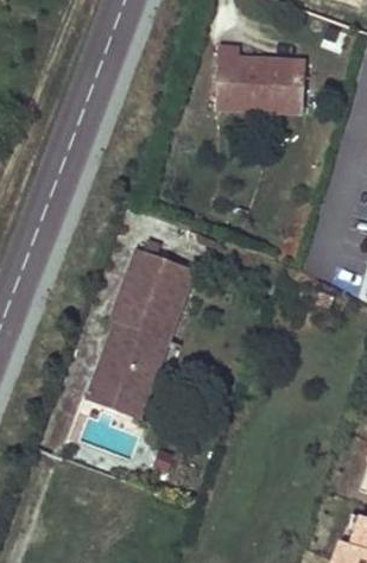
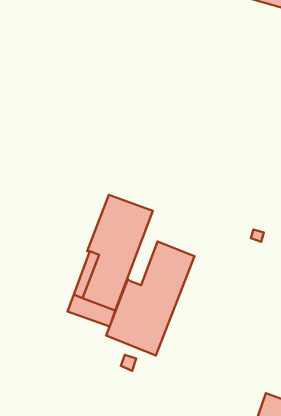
building: [215,44,308,118] -> none
building: none -> [106,242,195,355]

